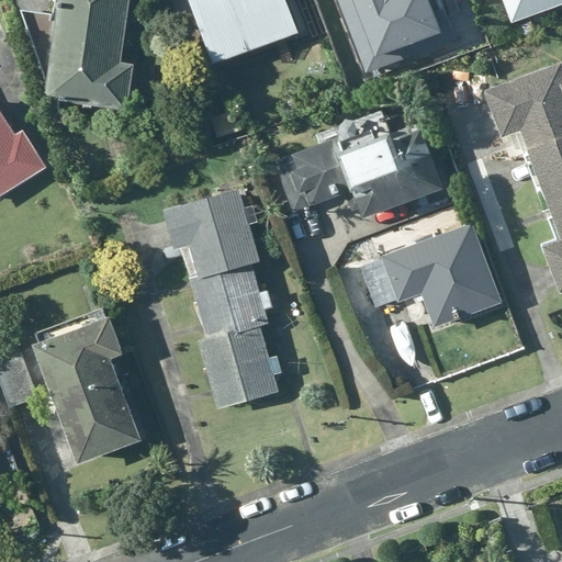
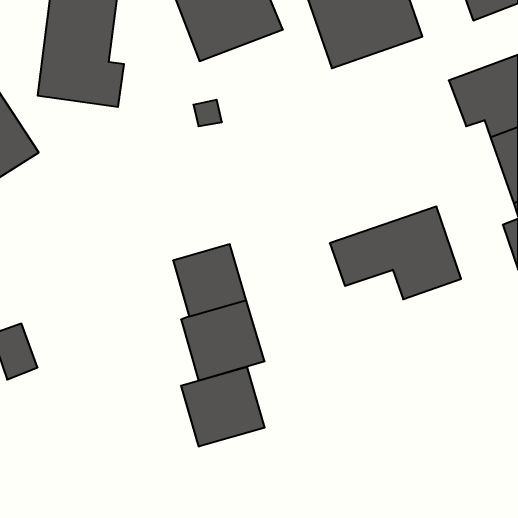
building: [279,105,449,222] -> none
building: [167,190,261,281] -> none
building: [35,314,146,462] -> none
building: none -> [181,367,265,447]

